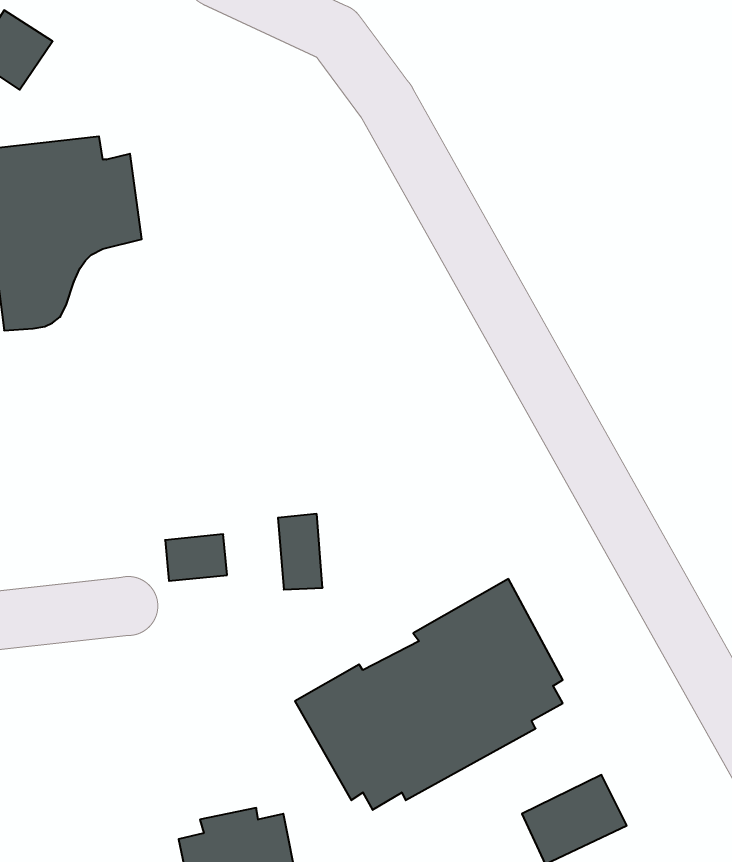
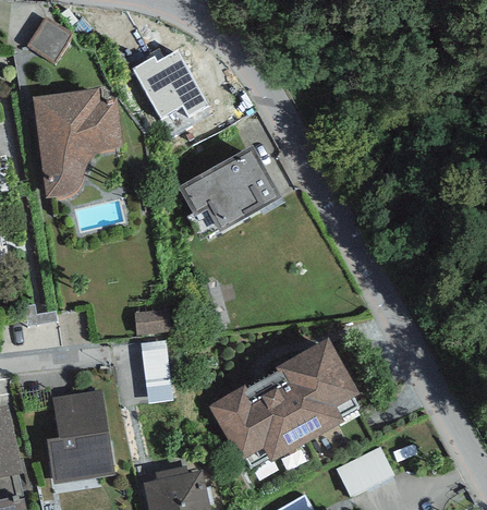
building: none -> [132,49,207,118]
building: none -> [176,144,281,232]
building: [278,514,323,590] -> [139,347,165,389]
building: none -> [47,389,113,483]

